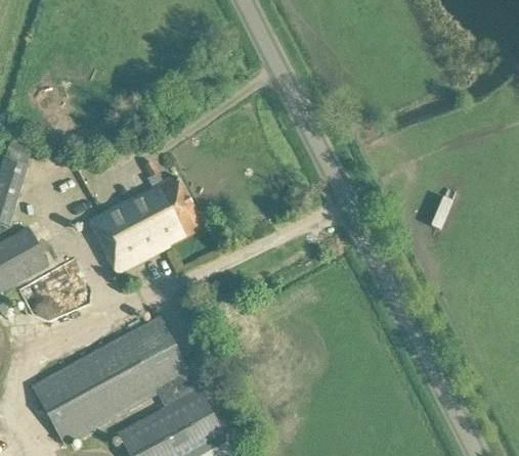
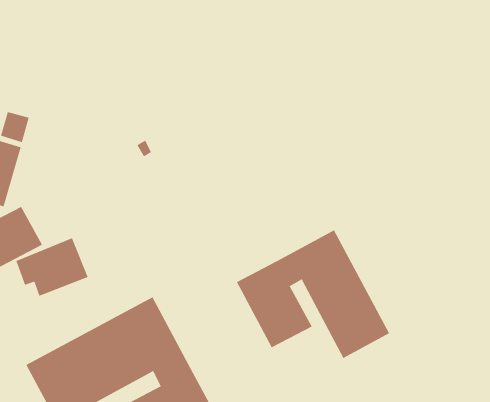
building: [87,176,203,274] -> none
building: none -> [236,229,390,359]

